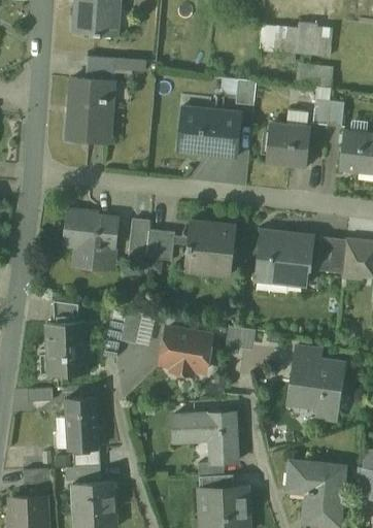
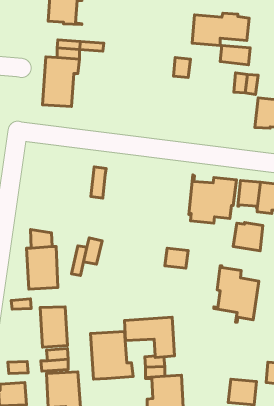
building: [177,109,240,158] -> none
building: [265,125,309,163] -> none
building: [63,208,117,267] -> none
building: [186,222,235,273] -> none
building: [144,229,175,260] -> none
building: none -> [233,223,263,251]
building: [160,328,211,373] -> none
building: none -> [91,332,133,379]
building: [289,461,343,494] -> none

